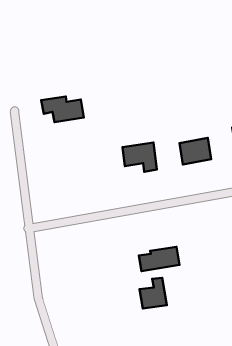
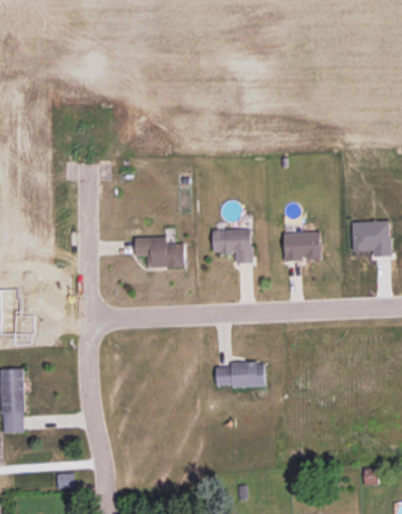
building: [41,96,84,122] -> [135,237,185,268]
building: [139,278,167,308] -> none

